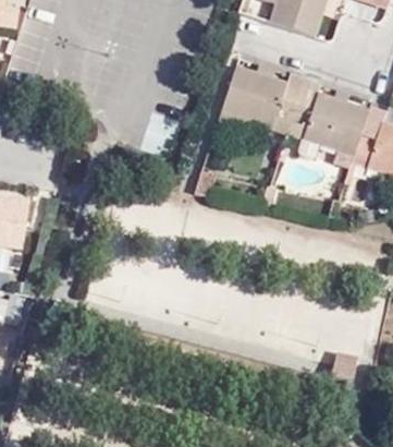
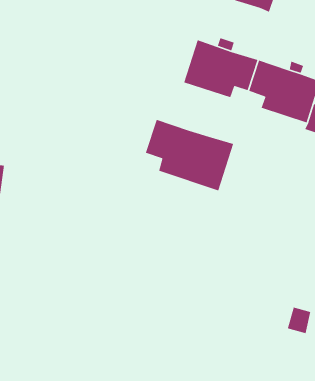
building: none -> [145,119,234,191]

